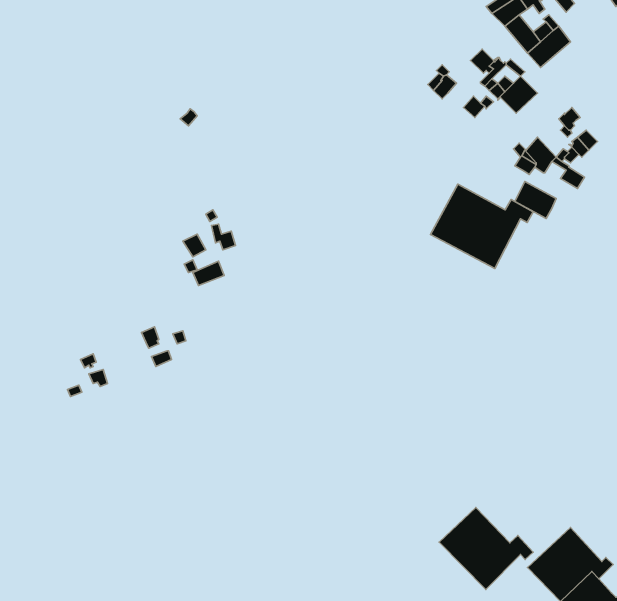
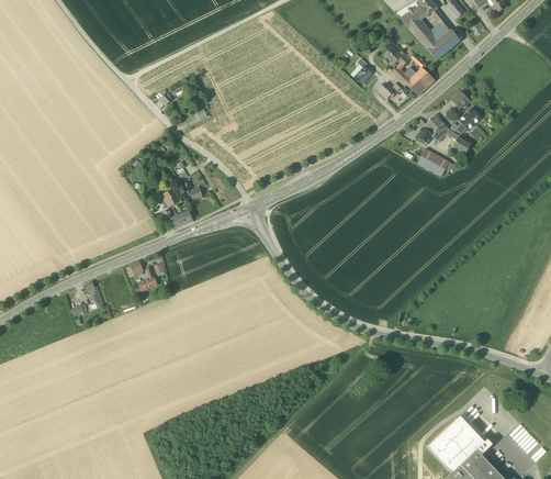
building: [430,184,533,268] -> none
building: [439,507,533,590] -> none

